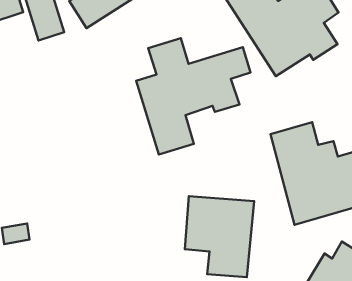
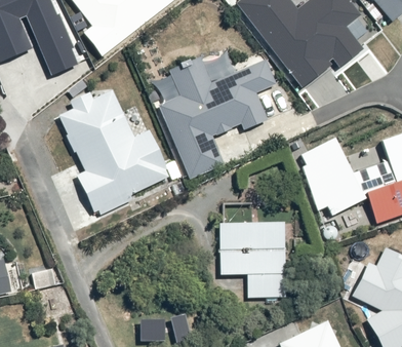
building: none -> [55,90,167,215]

